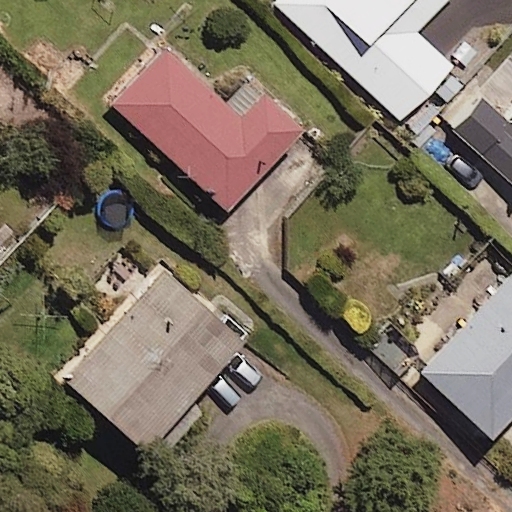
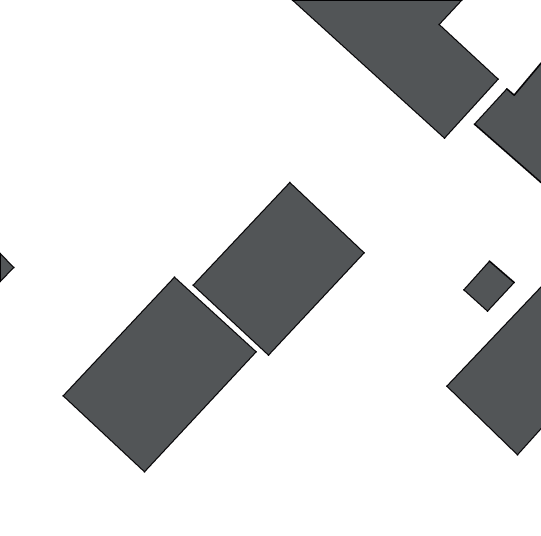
building: [114,49,315,208] -> none
building: none -> [193,182,364,355]

